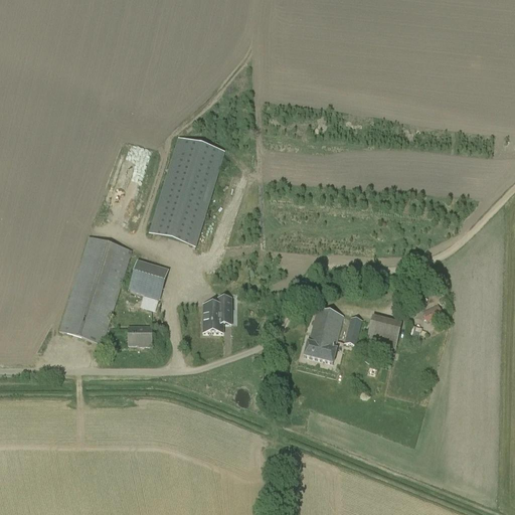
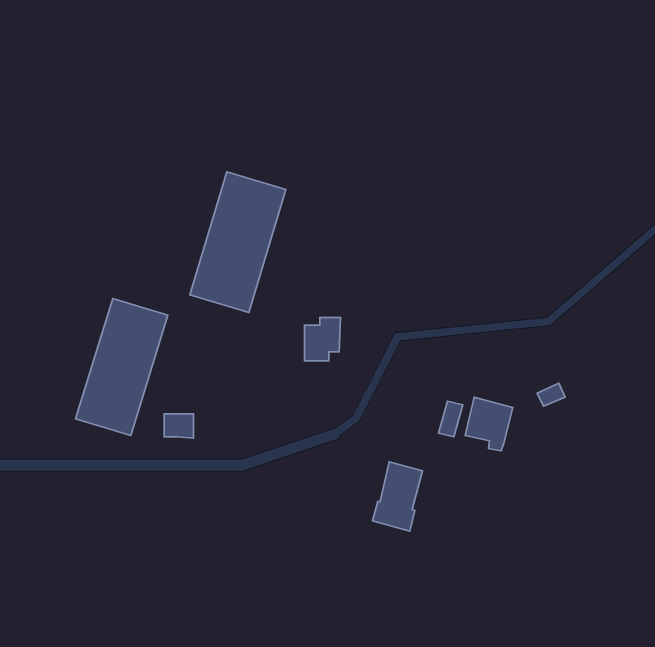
building: [129,261,168,297] -> none
building: [204,295,232,329] -> [304,317,340,361]
building: [304,307,343,361] -> [373,462,423,531]

